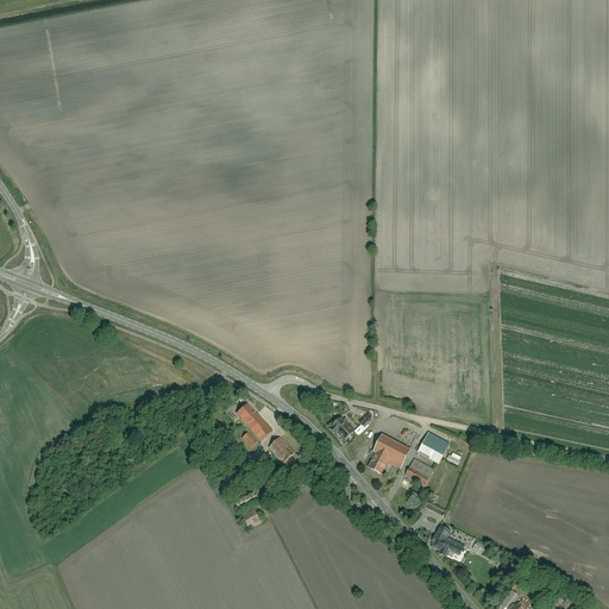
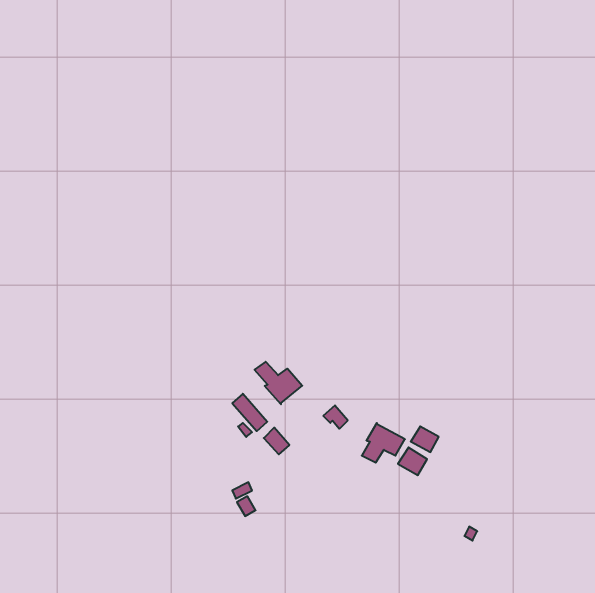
building: none -> [255,362,302,404]
building: [428,522,466,557] -> none

